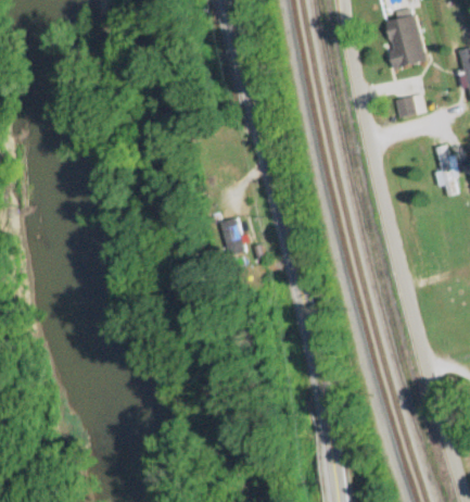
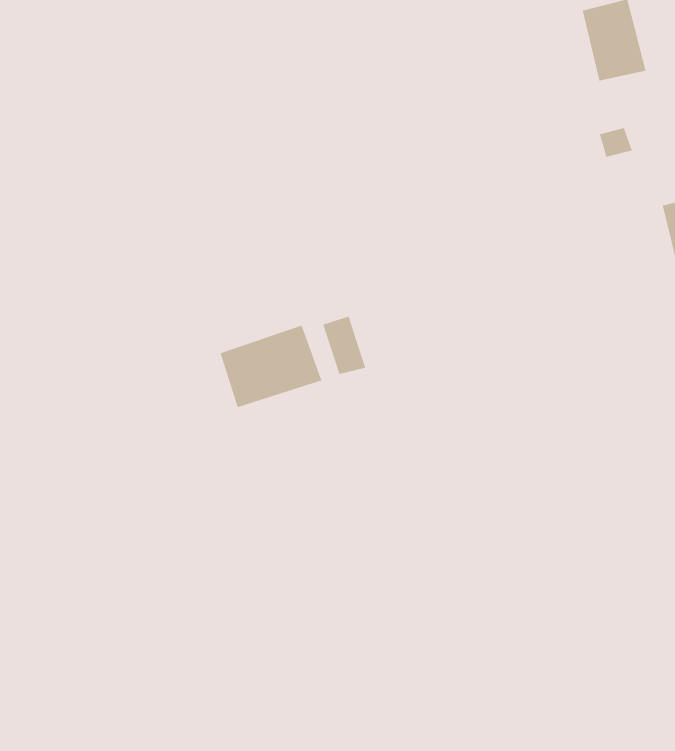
building: none -> [219,325,323,408]

